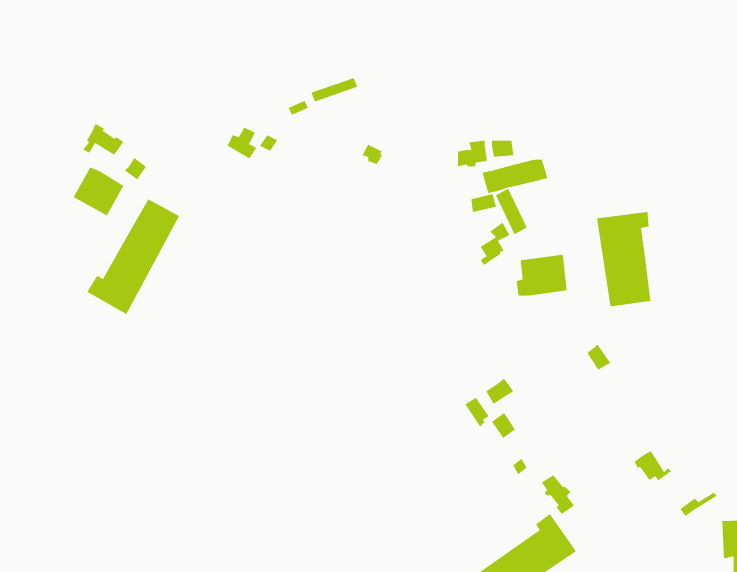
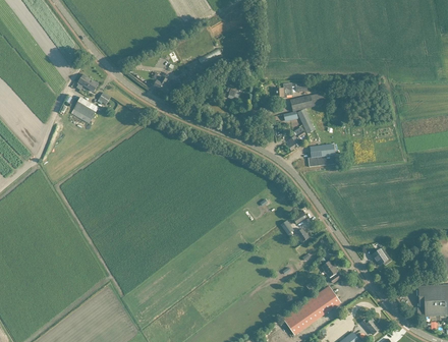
building: [87,198,180,315] -> none
building: [596,211,651,307] -> none

